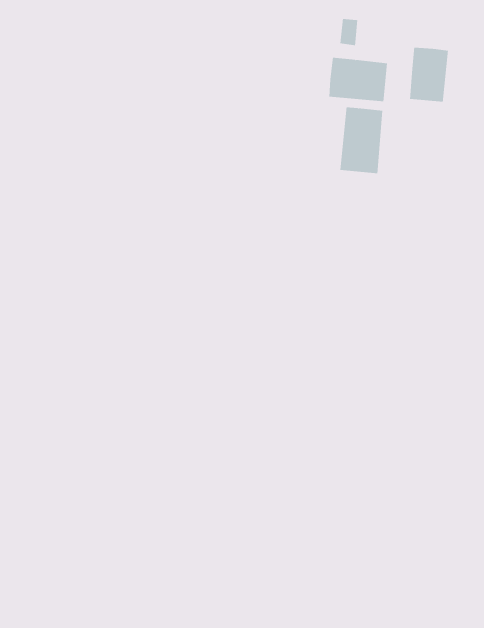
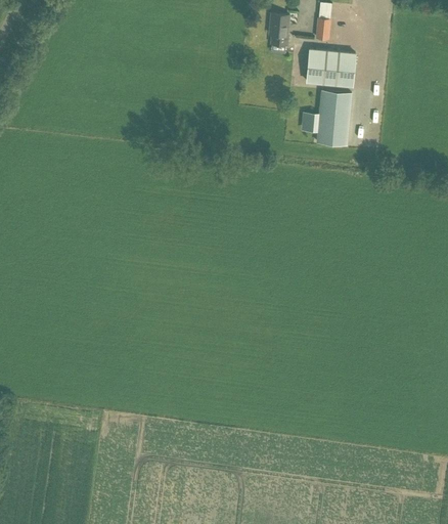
building: none -> [268,12,288,45]
building: [409,47,449,103] -> none

